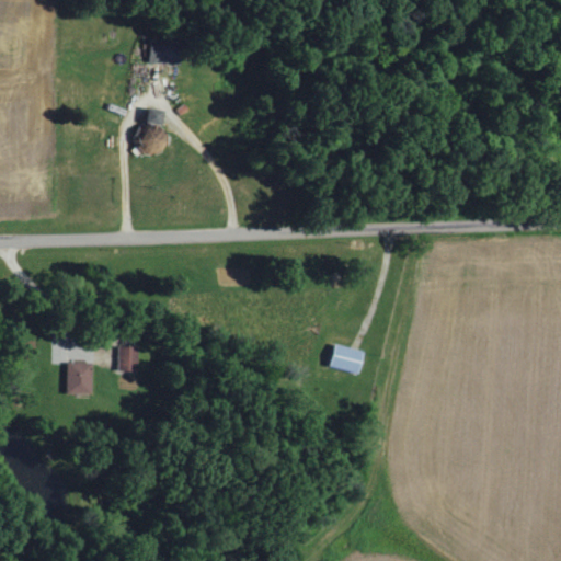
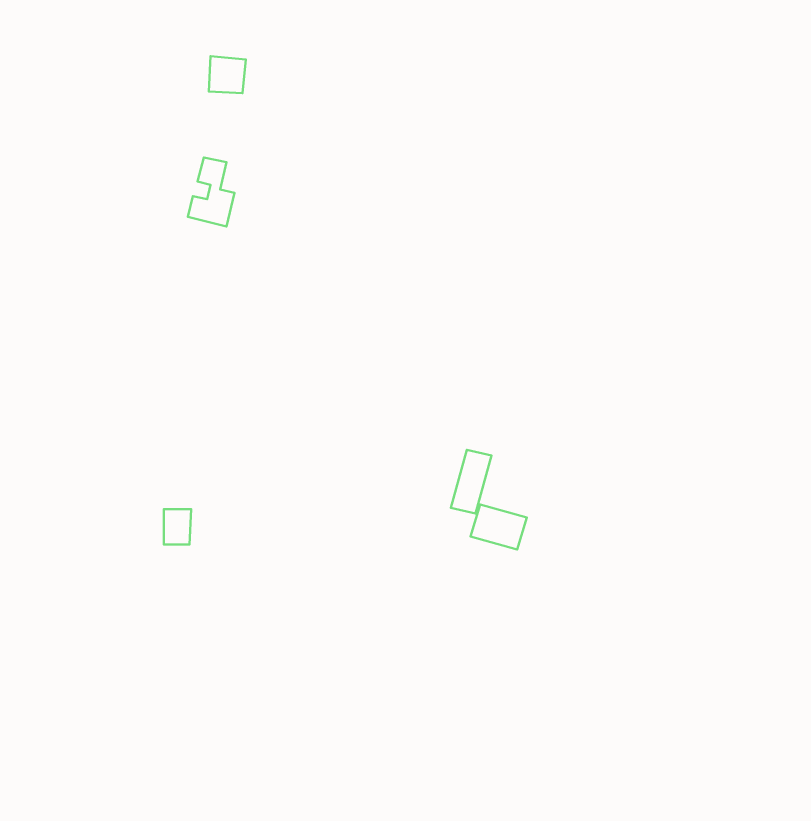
building: none -> [451,450,491,514]
building: [66,363,92,390] -> none

